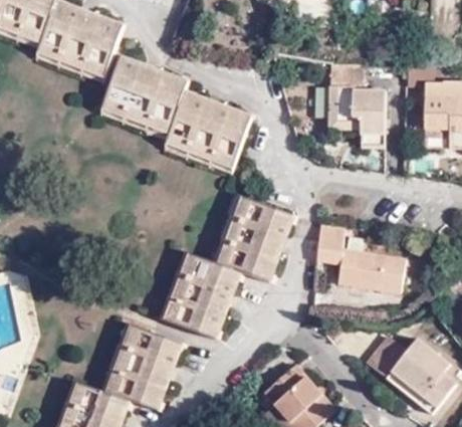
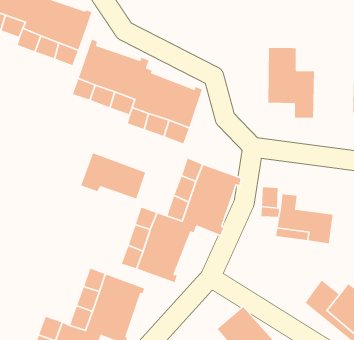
building: none -> [80,152,146,200]

